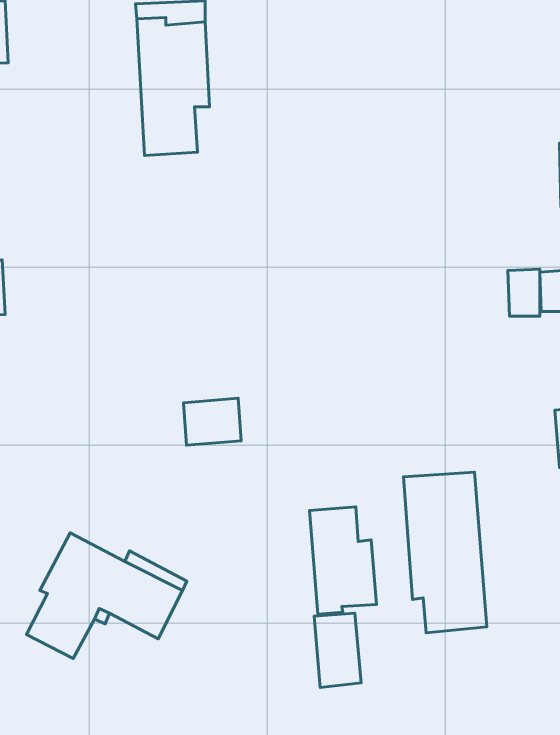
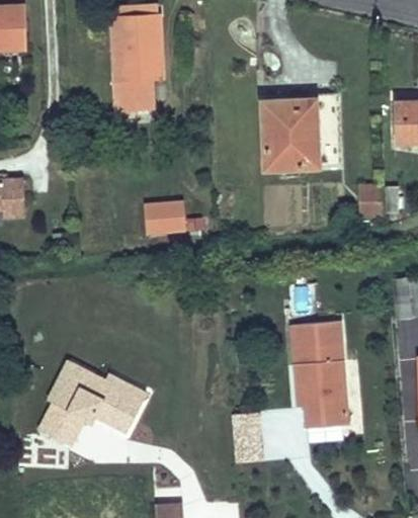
building: none -> [262,98,338,167]
building: [184,398,241,445] -> [145,201,183,233]
building: [310,507,376,614] -> none

